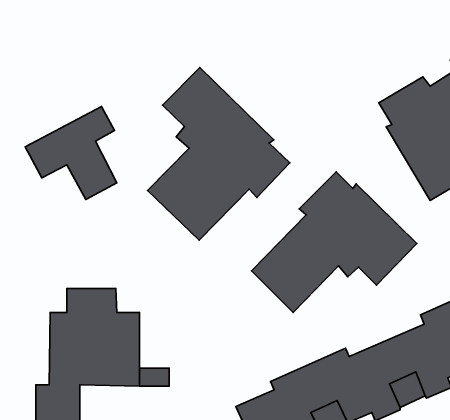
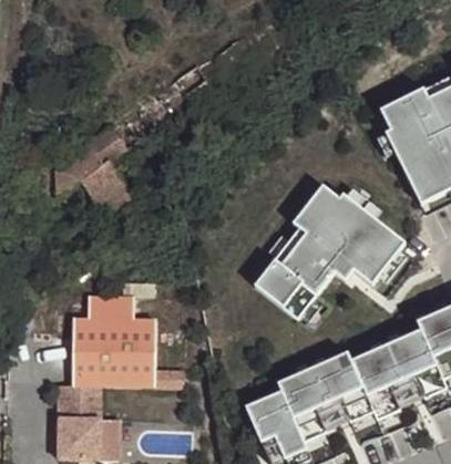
building: [147,68,290,240] -> none

